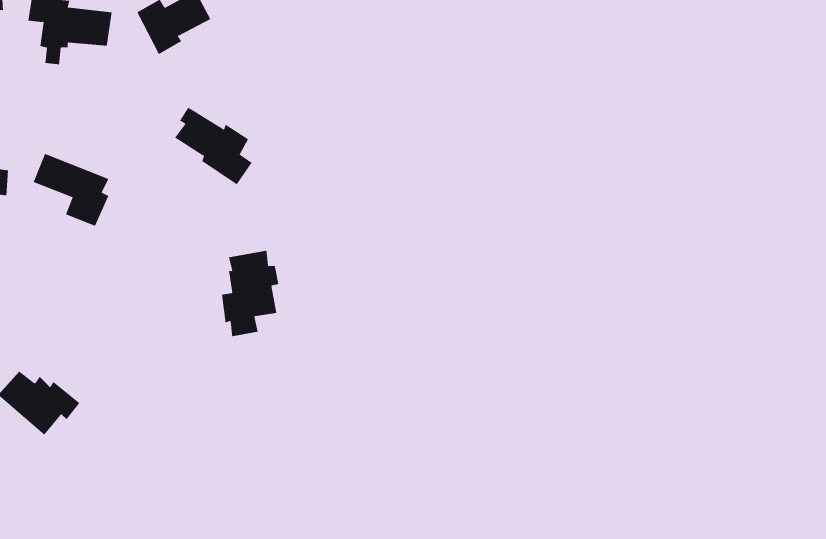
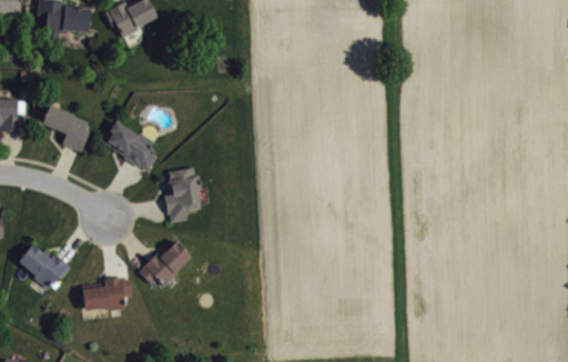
building: [174,107,252,185] -> [105,120,156,171]
building: none -> [138,242,191,288]
building: none -> [80,275,126,310]

